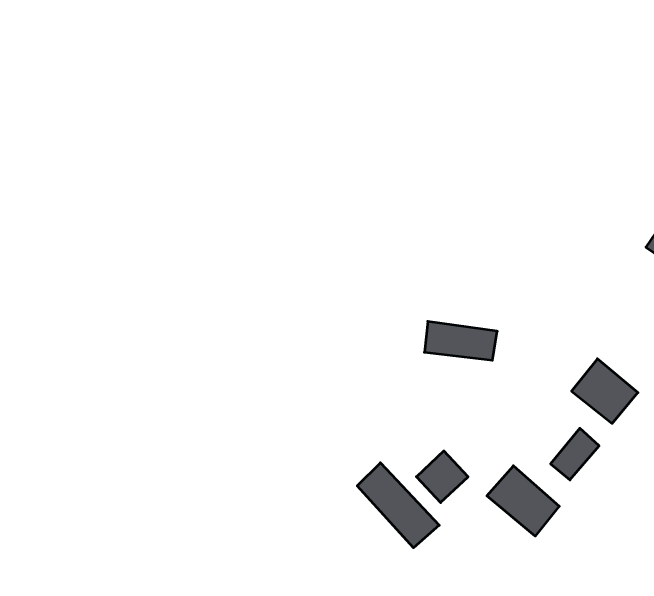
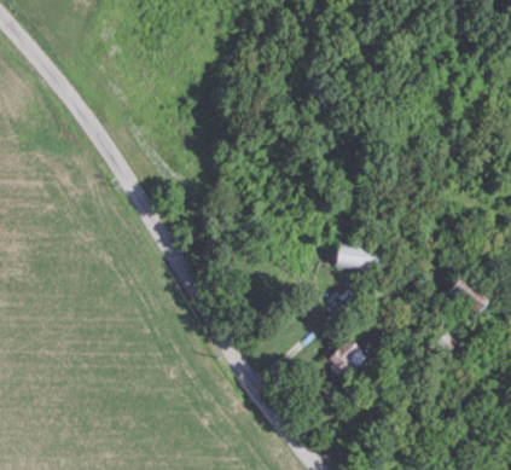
building: [357,463,439,548] -> none
building: [487,466,559,536] -> none

